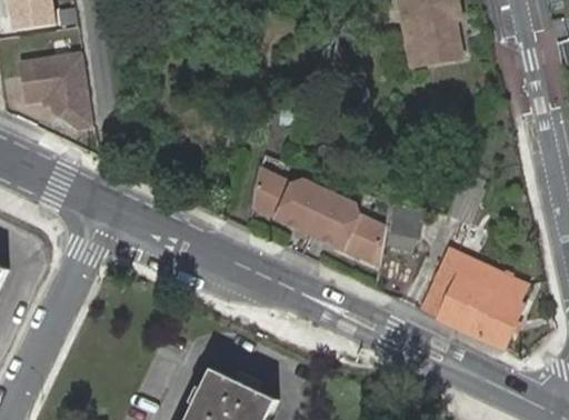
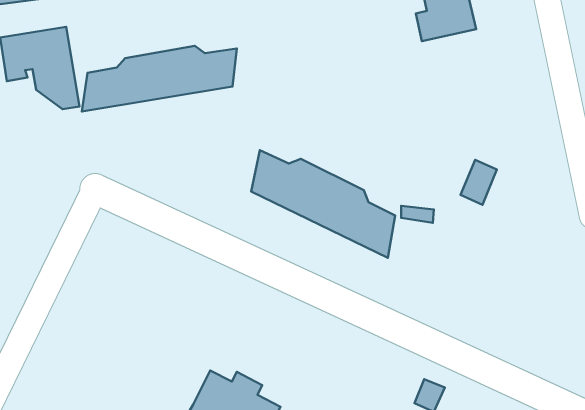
building: none -> [82,46,237,112]
building: [420,249,525,347] -> none

